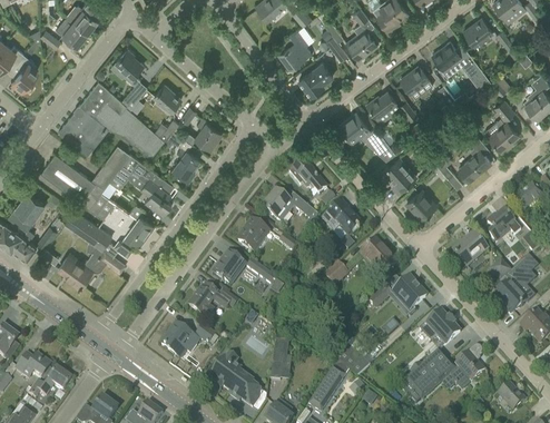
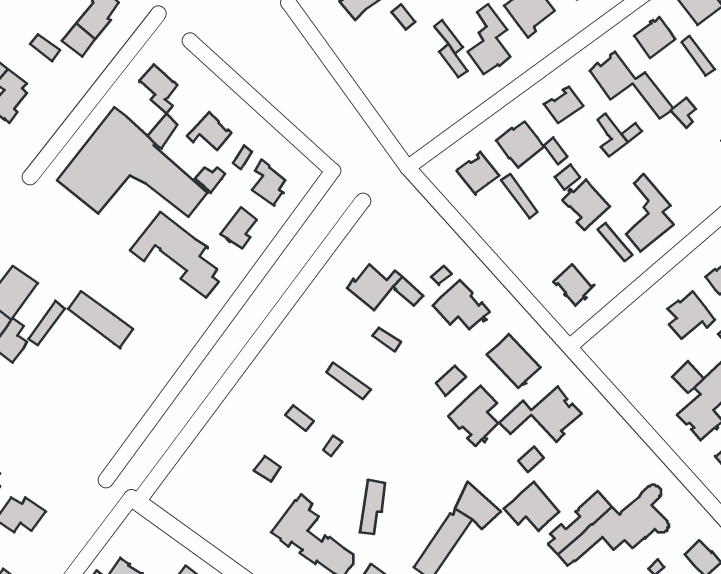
building: [278,30,310,68] -> none
building: [298,61,332,96] -> none
building: [484,99,518,149] -> none
building: [41,147,130,218] -> none
building: [382,157,415,193] -> [562,179,610,230]
building: [289,159,326,194] -> none
building: [109,204,154,256] -> none
building: [237,219,268,253] -> none
building: [452,233,487,267] -> none
building: [58,246,125,288] -> none
building: [214,252,245,284] -> none
building: none -> [448,386,498,446]
building: [188,284,217,318] -> none
building: [420,311,459,345] -> [504,482,559,531]
building: [160,325,199,354] -> none
building: [29,367,70,397] -> none

